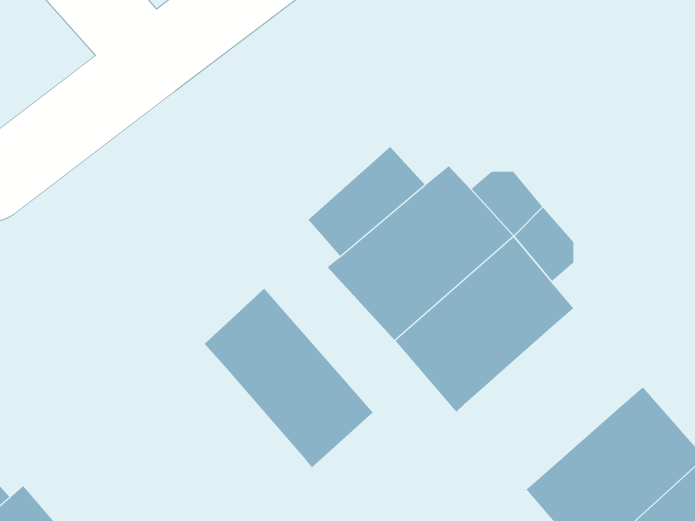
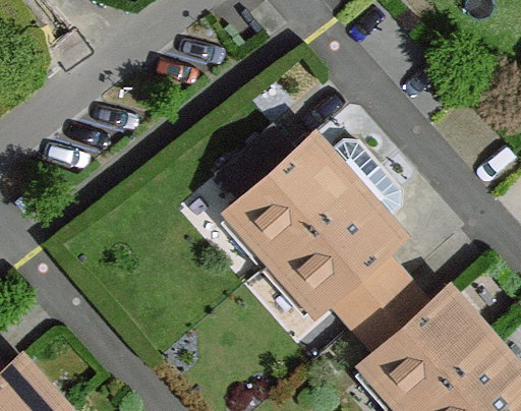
building: [204,288,373,468] -> none
building: none -> [328,254,436,362]

